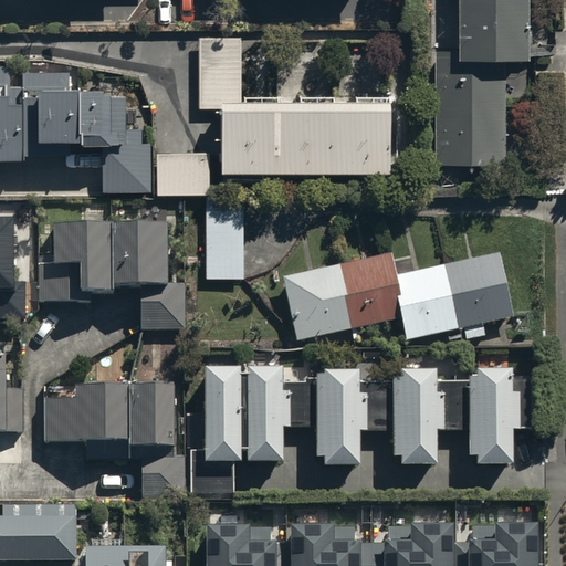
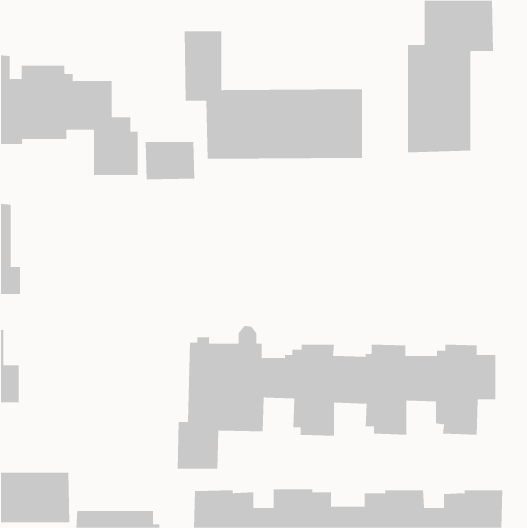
building: [205,197,243,277] -> none
building: [40,222,185,328] -> none
building: [282,253,514,342] -> none
building: [45,384,186,500] -> none

